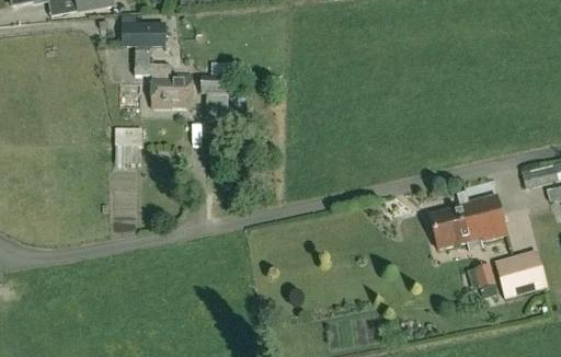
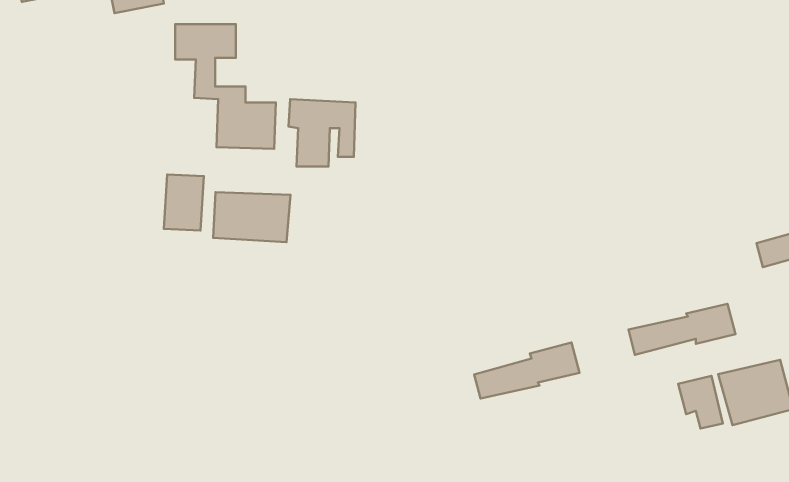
building: none -> [213,192,290,242]
building: [428,192,501,230] -> [474,342,579,398]

